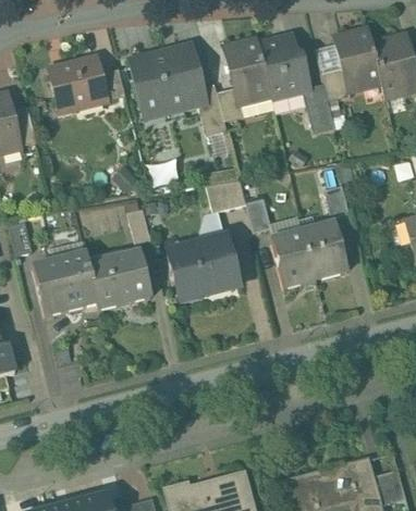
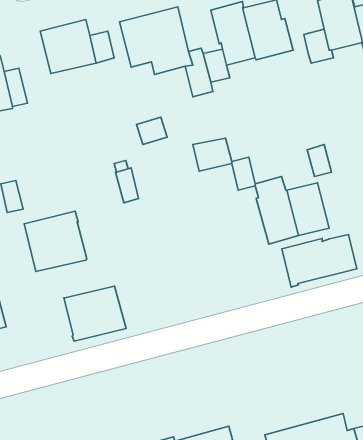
building: [303,91,334,135] -> none
building: [167,237,238,301] -> none
building: [87,252,151,309] -> [64,286,126,341]
building: none -> [282,234,357,287]

